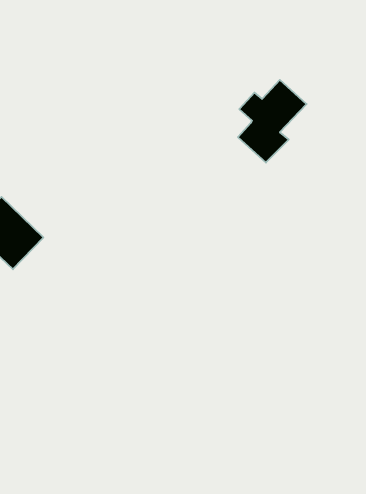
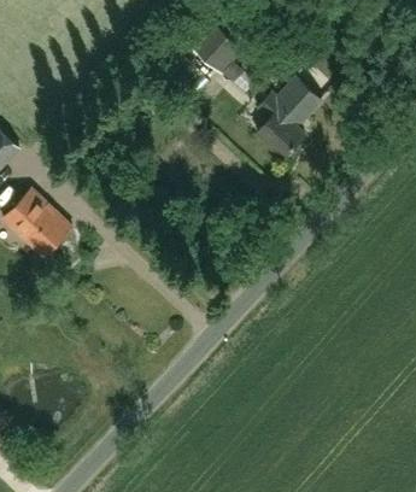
building: none -> [188,18,245,74]

